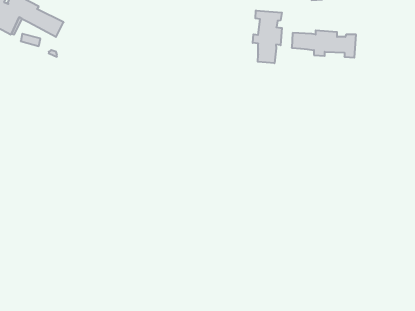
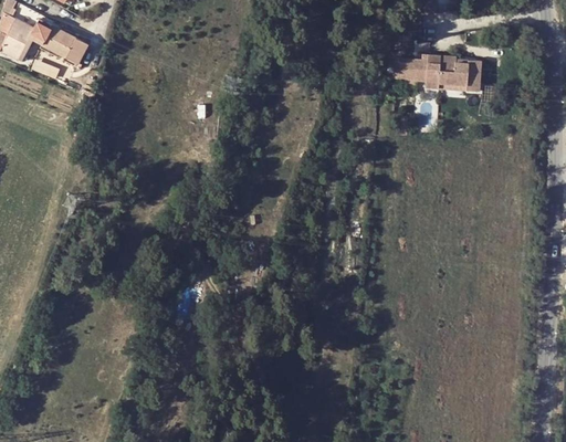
building: [253,10,282,63] -> none

